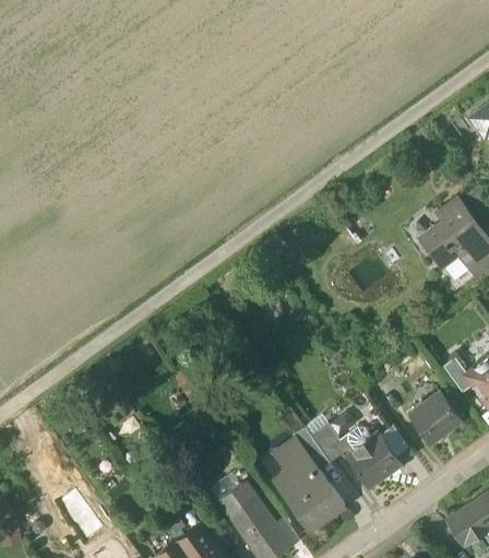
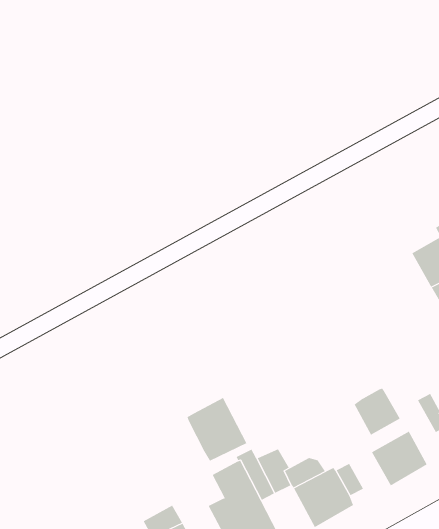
building: none -> [354,388,401,436]
building: none -> [187,397,247,461]

